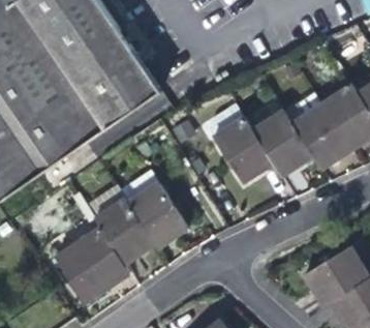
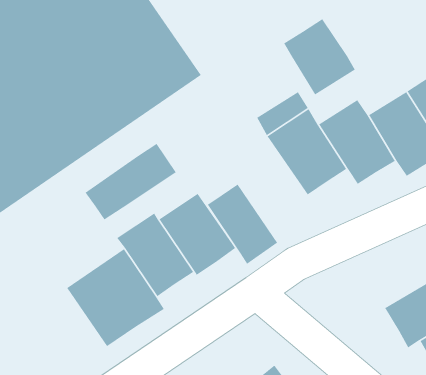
building: none -> [283,18,356,96]
building: none -> [85,143,177,221]
building: none -> [207,184,278,265]

